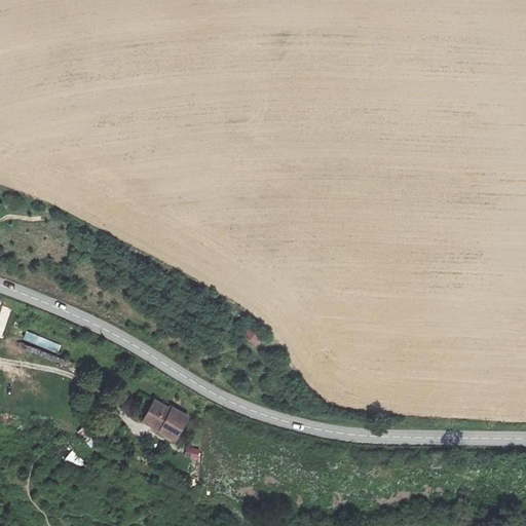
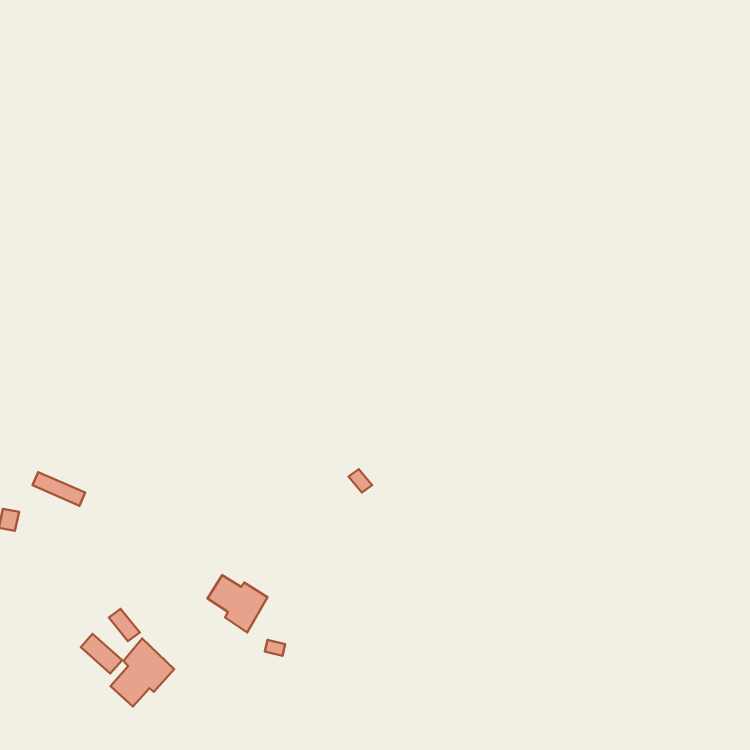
building: none -> [111,639,174,706]

